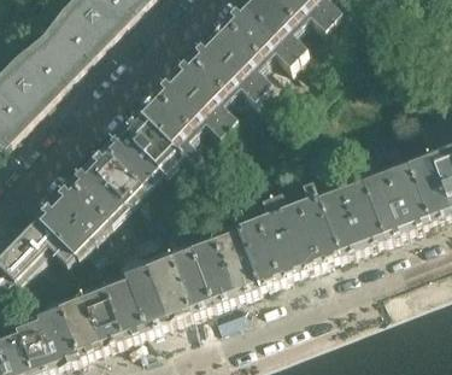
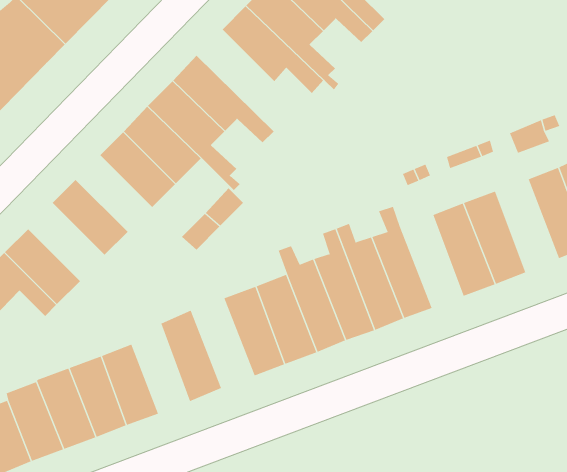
building: [174,57,237,129] -> none
building: [88,146,142,200] -> none
building: [386,163,430,229] -> none
building: [54,180,108,235] -> none
building: [318,188,363,254] -> none
building: [170,247,215,311] -> none
building: [125,265,169,329] -> none

